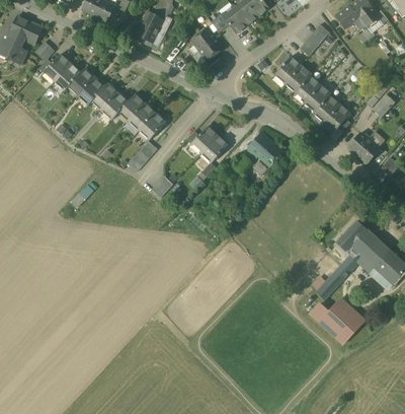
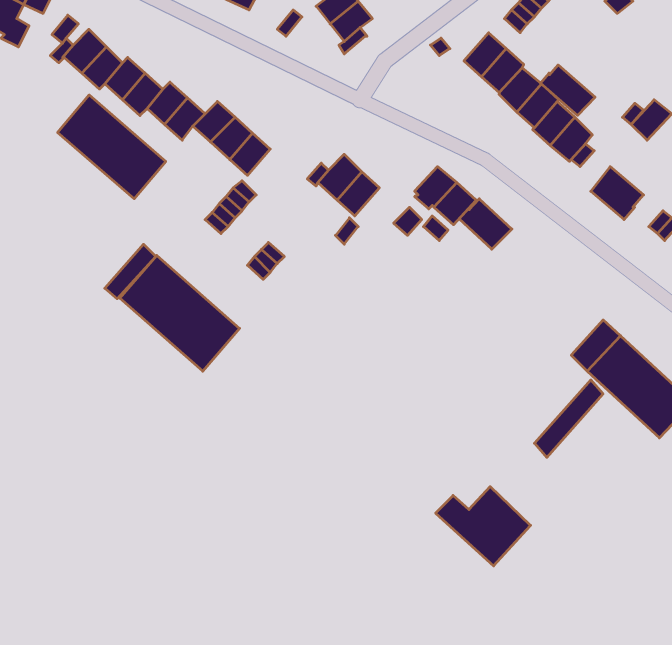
building: none -> [541,65,595,115]
building: none -> [58,95,166,199]
building: none -> [459,199,512,249]
building: none -> [120,255,240,371]
building: [309,297,363,343] -> [436,487,531,566]

